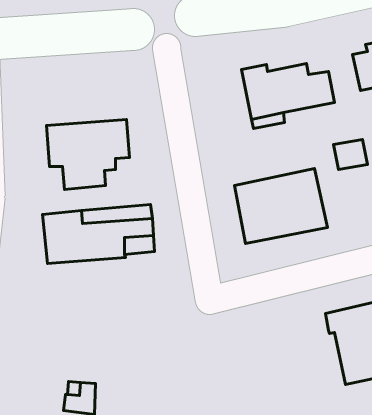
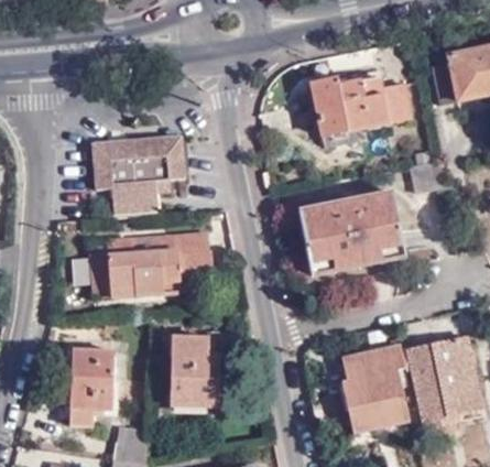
building: none -> [172,335,218,404]
building: none -> [339,345,411,433]
building: none -> [69,348,113,423]

